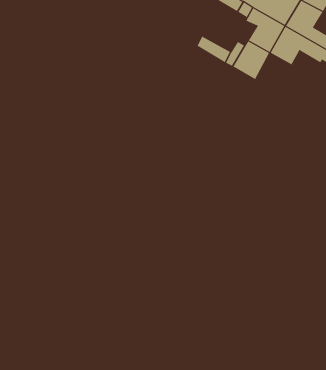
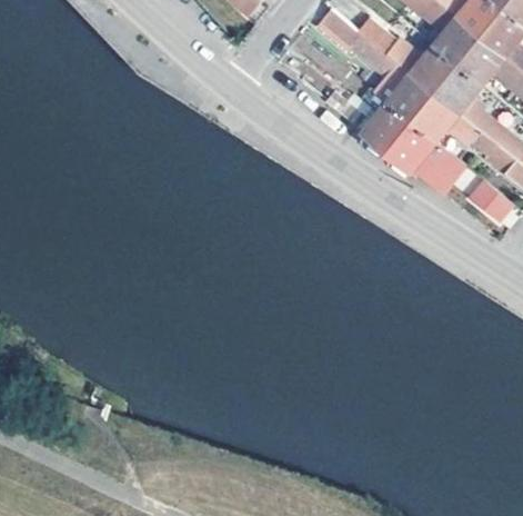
building: none -> [391,123,465,191]

